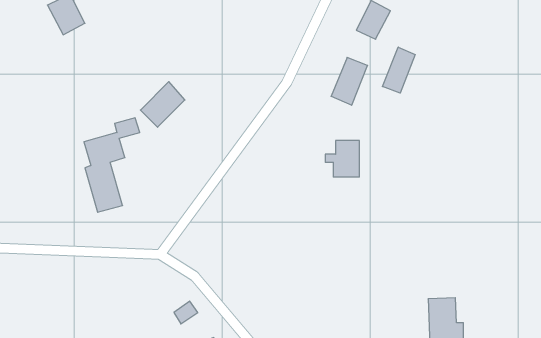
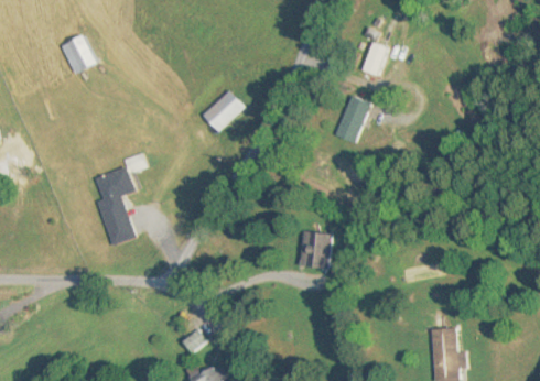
building: [382,47,415,93] -> none
building: [140,82,185,127] -> [203,88,246,132]
building: [325,141,359,177] -> [301,233,334,269]

